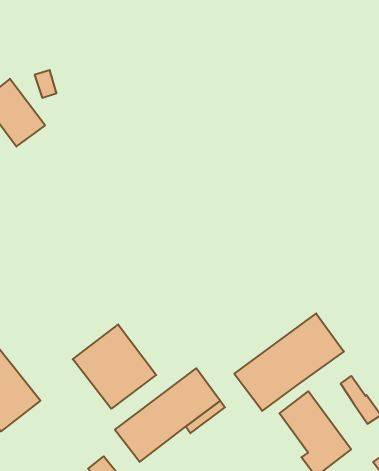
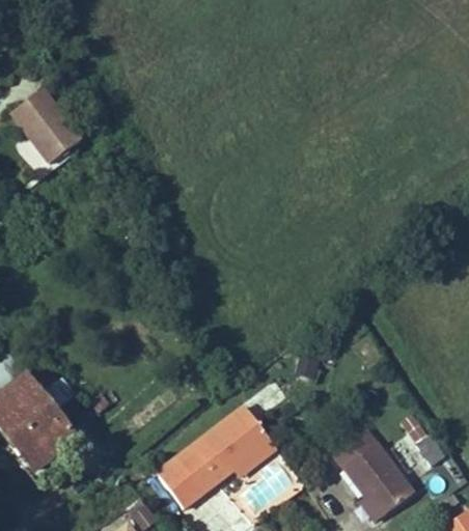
building: [234,313,344,411] -> none
building: [73,324,156,409] -> none

